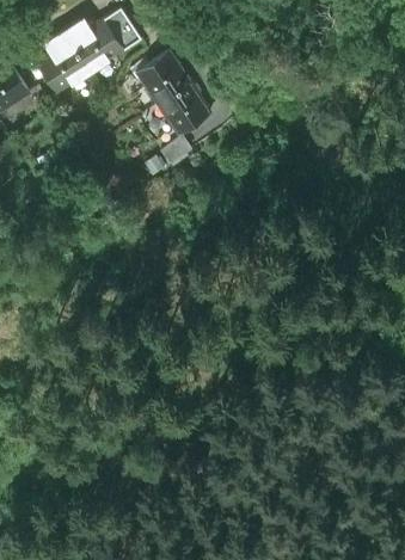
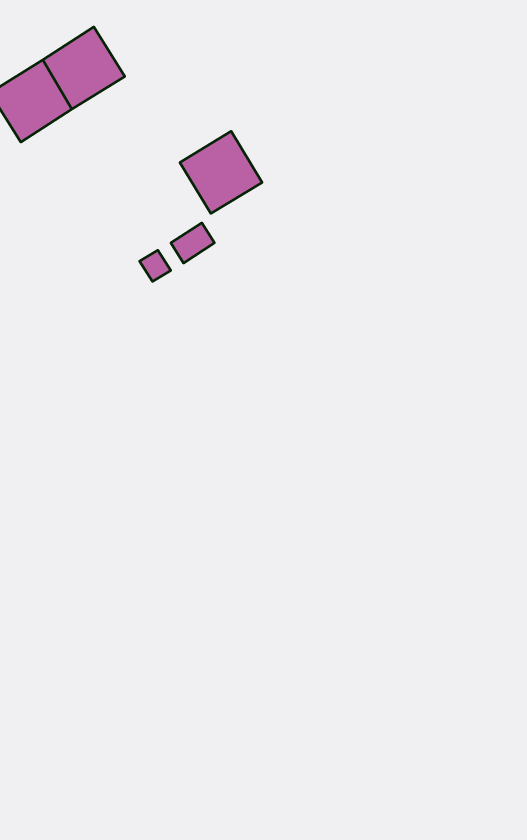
building: [103,11,140,54] -> none
building: [137,56,192,110] -> none

